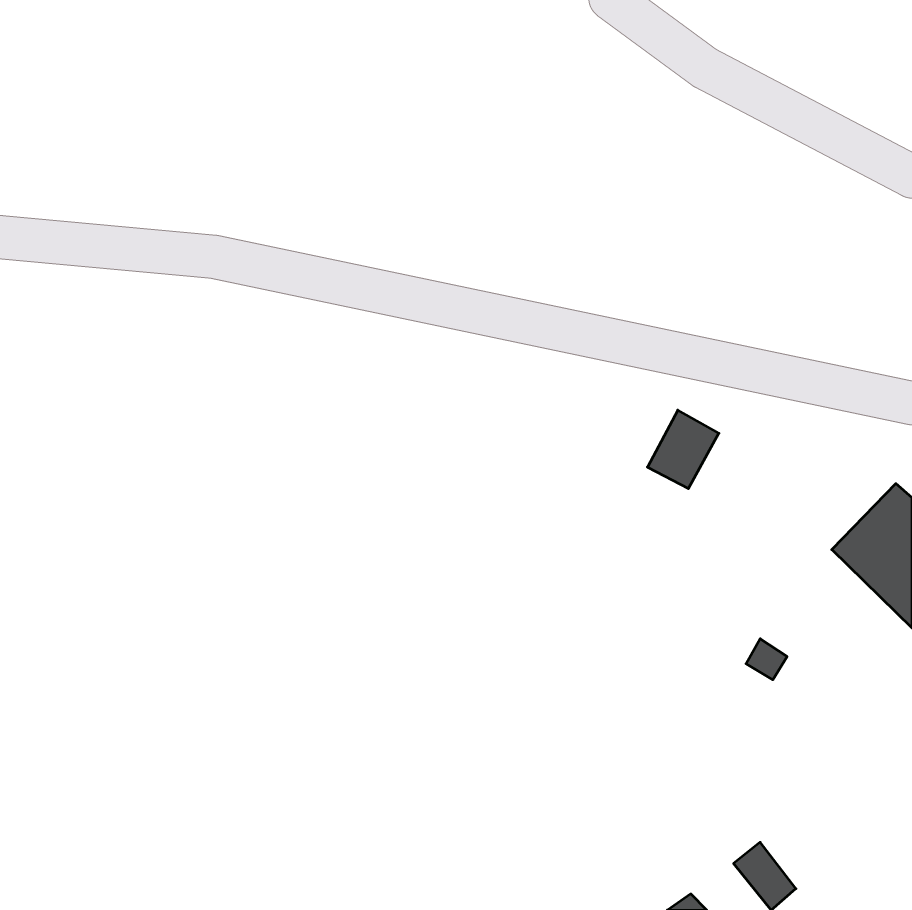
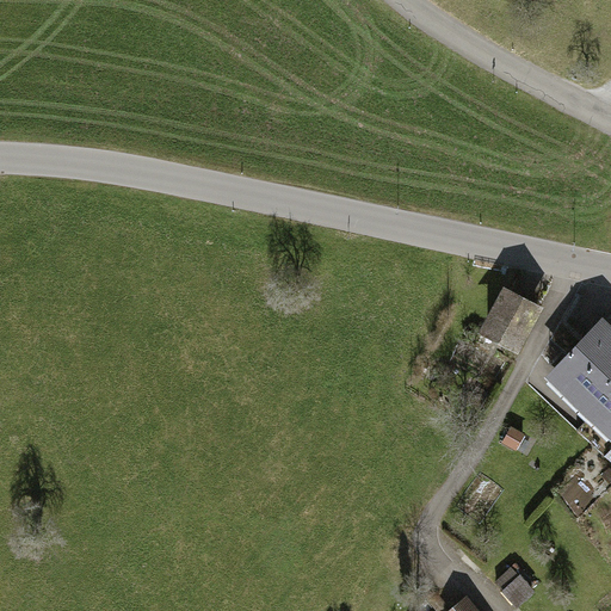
building: [647,410,719,489] -> [488,292,536,345]

